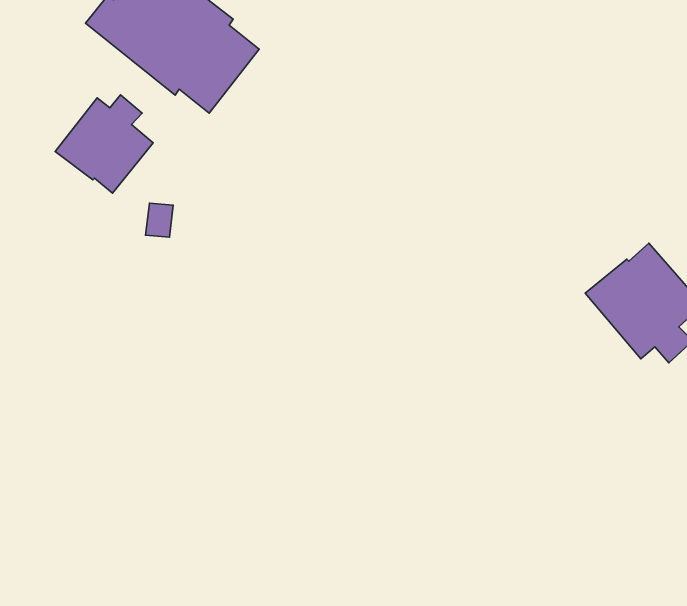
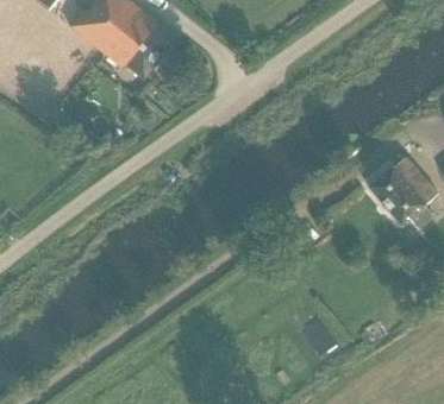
building: [55,95,153,193] -> none

